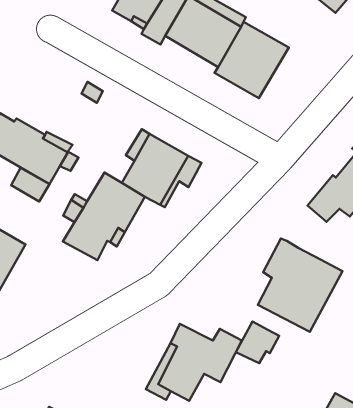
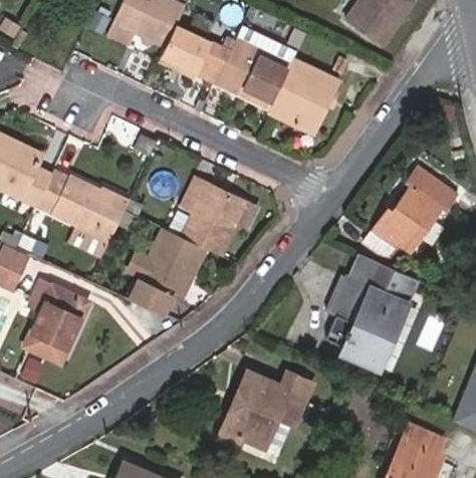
building: none -> [350,253,401,294]
building: [236,321,279,363] -> none

